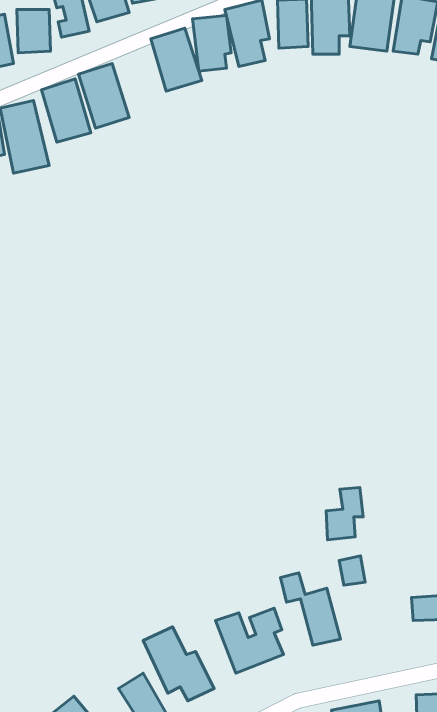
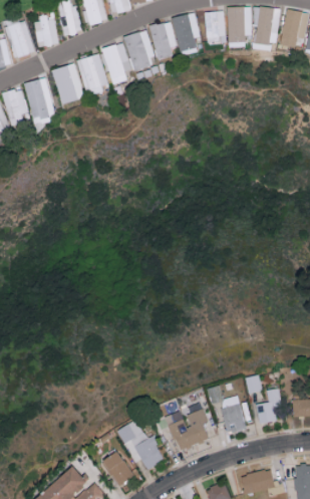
building: none -> [100,43,130,86]
building: [326,488,363,540] -> [257,389,281,423]

